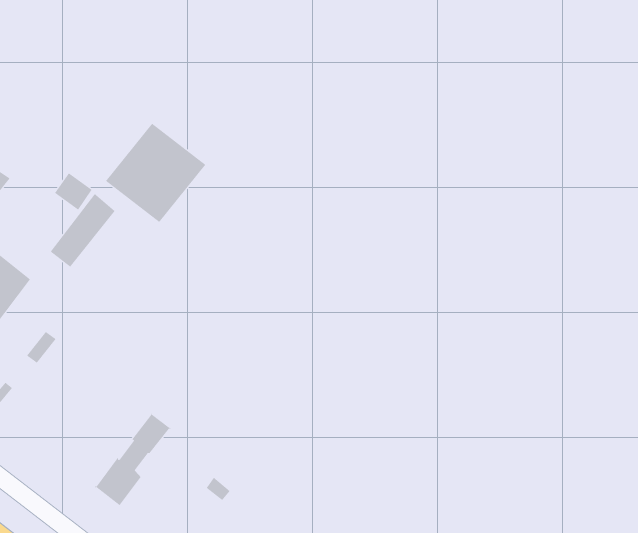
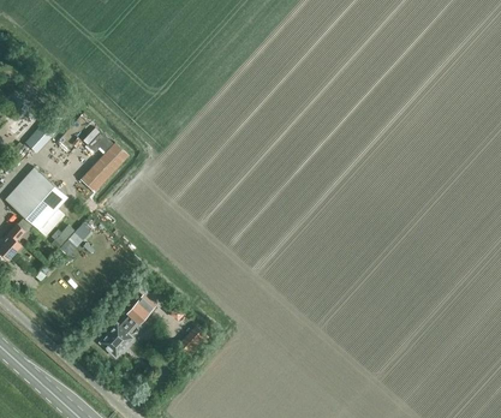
building: [105,123,206,223] -> none

